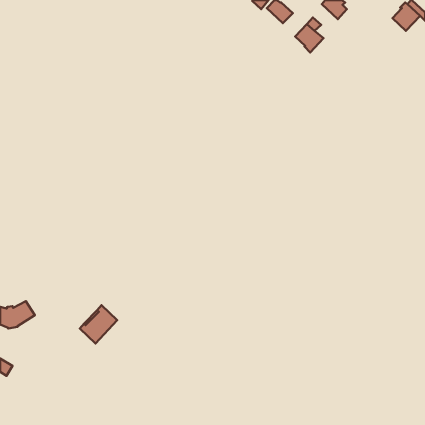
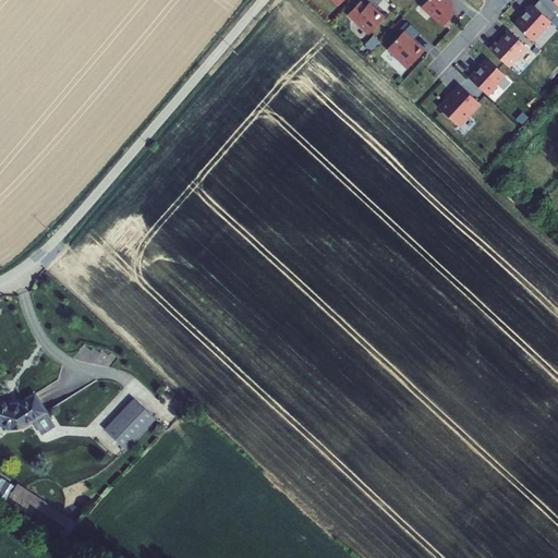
building: none -> [489,31,526,66]
building: none -> [468,59,505,96]
building: none -> [438,84,478,125]

